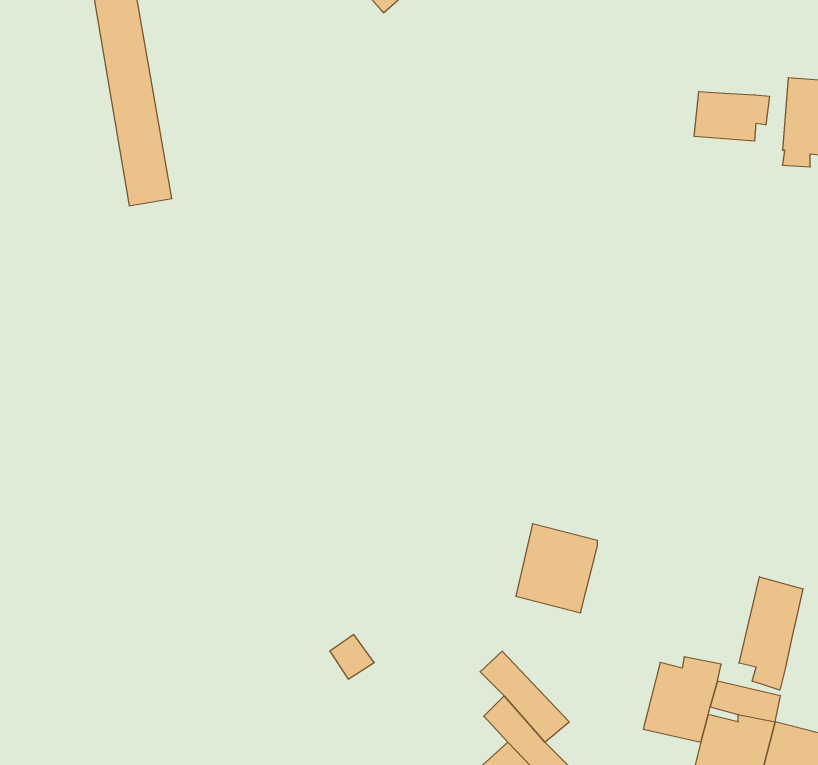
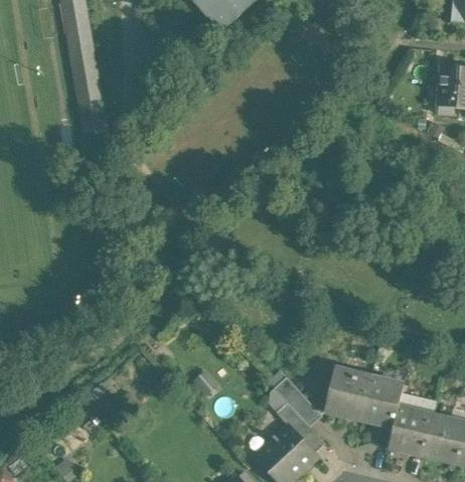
building: [694,91,769,141] -> none
building: [516,524,597,613] -> [327,370,371,419]
building: [739,577,803,690] -> none

